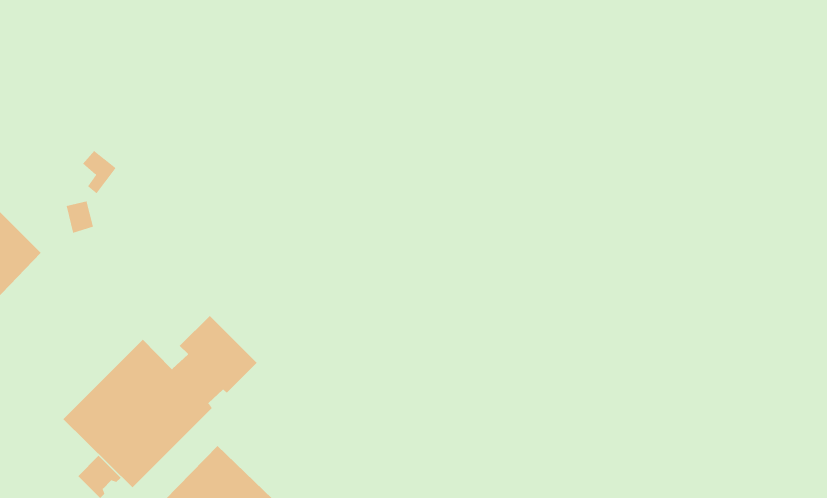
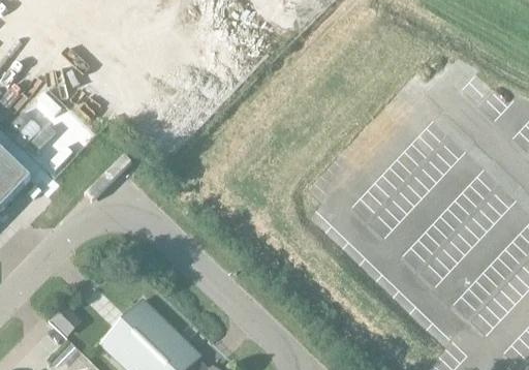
building: [63,315,258,488] -> none

